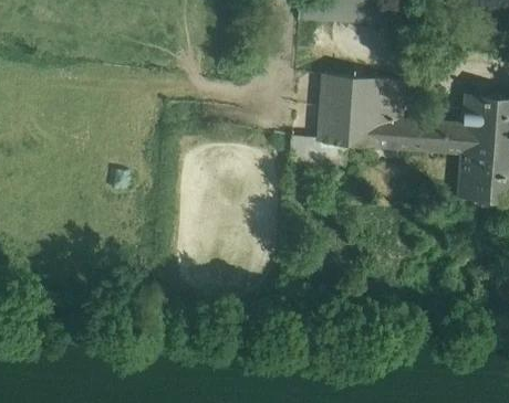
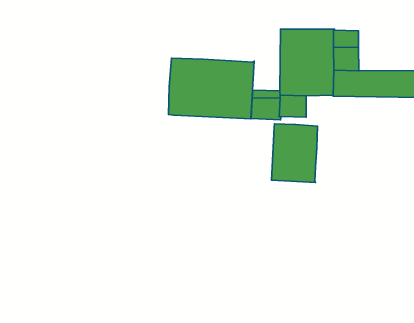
building: none -> [168,58,254,119]
building: none -> [272,124,317,183]

